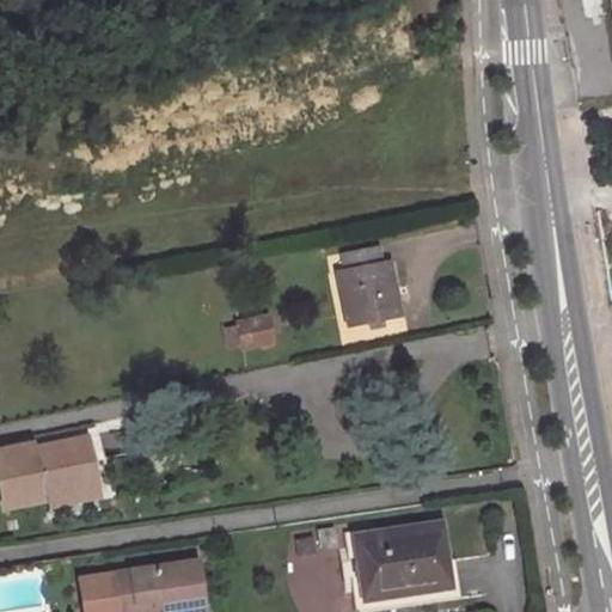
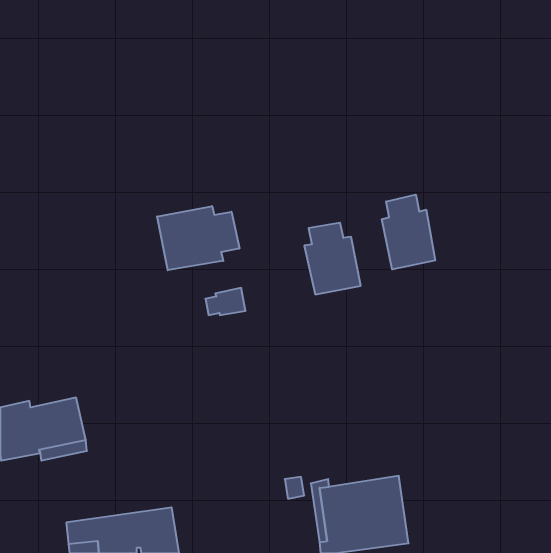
building: none -> [382,195,435,269]
building: none -> [157,206,239,270]

